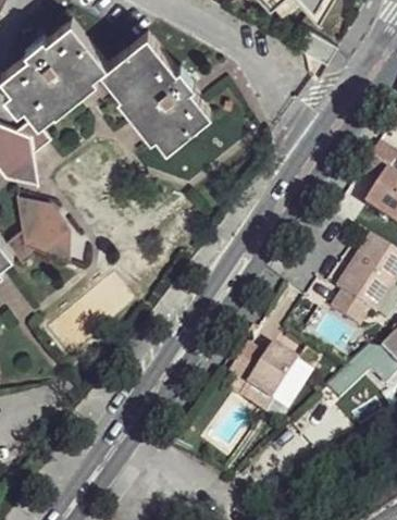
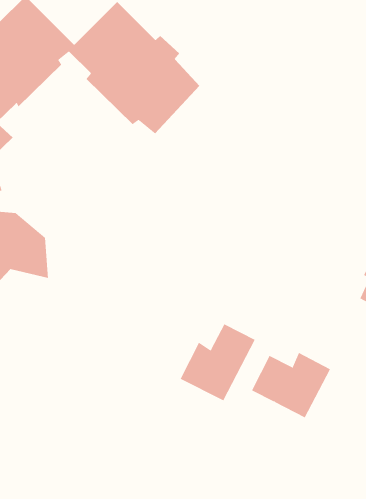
building: none -> [180,324,255,401]

